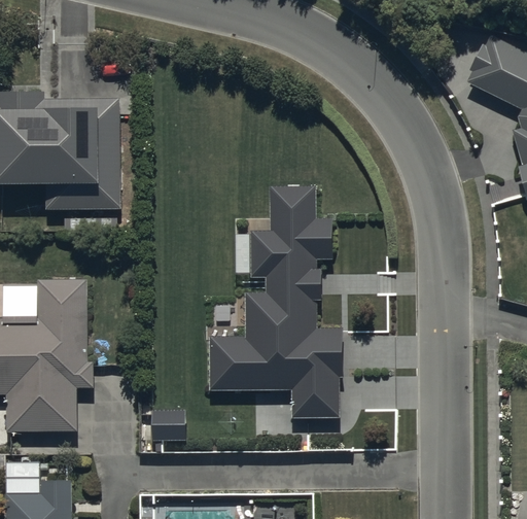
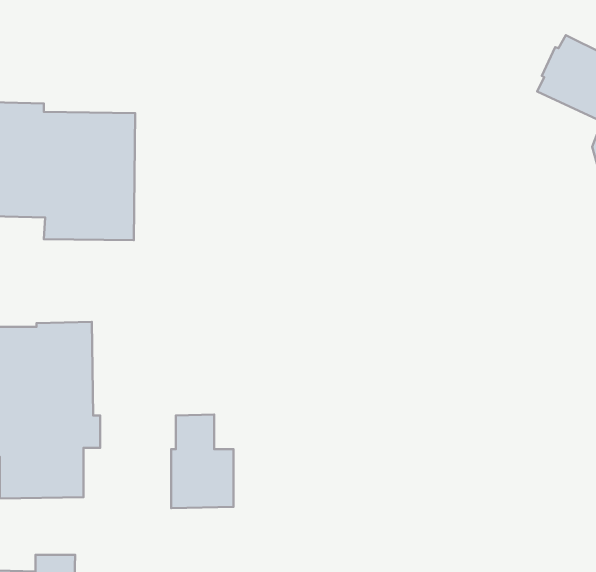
building: [227,196,348,402] -> none

